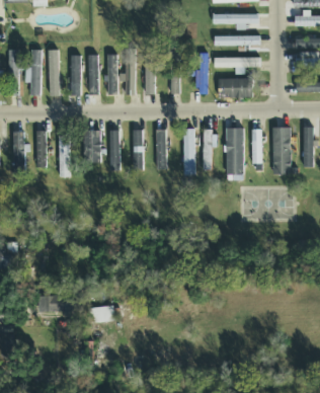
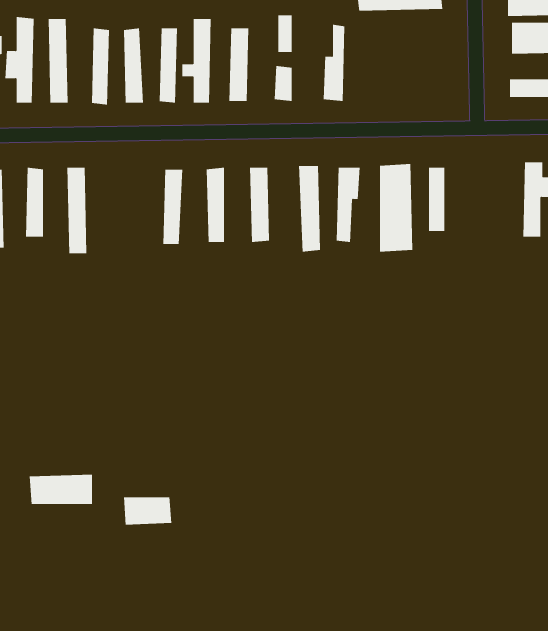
building: [214,56,260,73] -> none
building: [219,77,253,97] -> none
building: [271,127,292,173] -> none
building: [83,130,101,161] -> none

